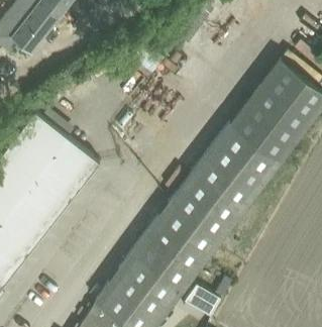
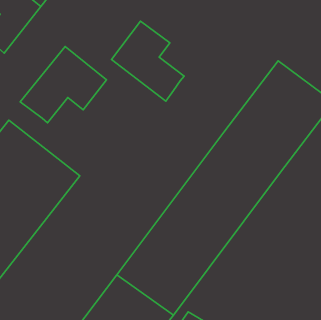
building: none -> [112,21,184,101]
building: none -> [20,47,107,123]

